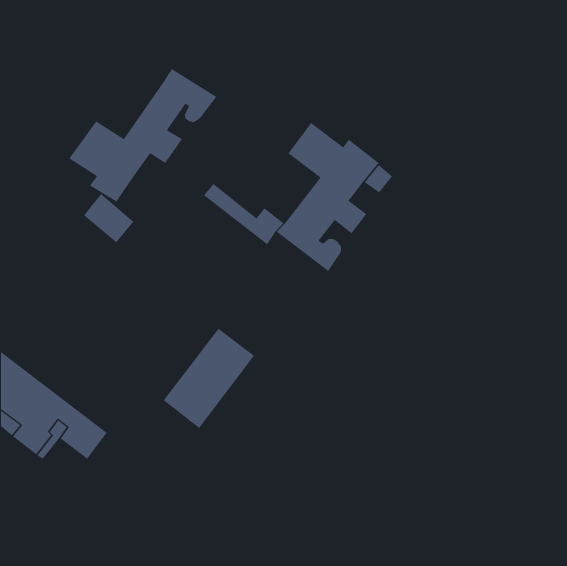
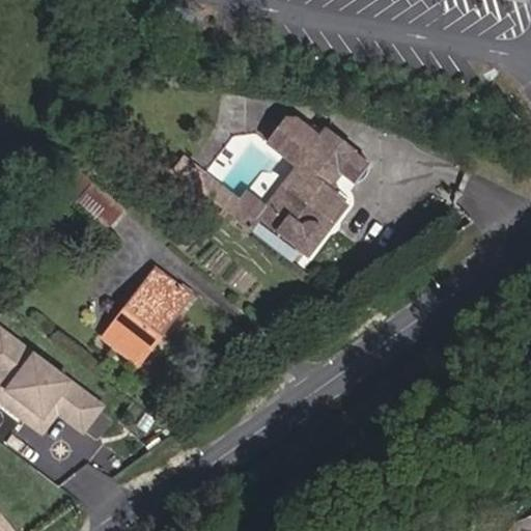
building: [68,68,217,203] -> none
building: [163,328,255,429] -> [104,270,190,364]

